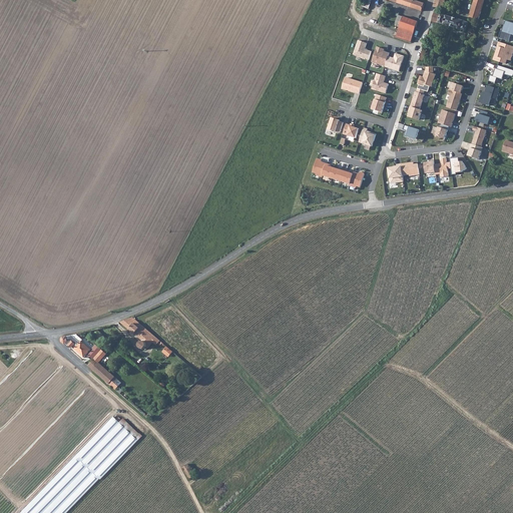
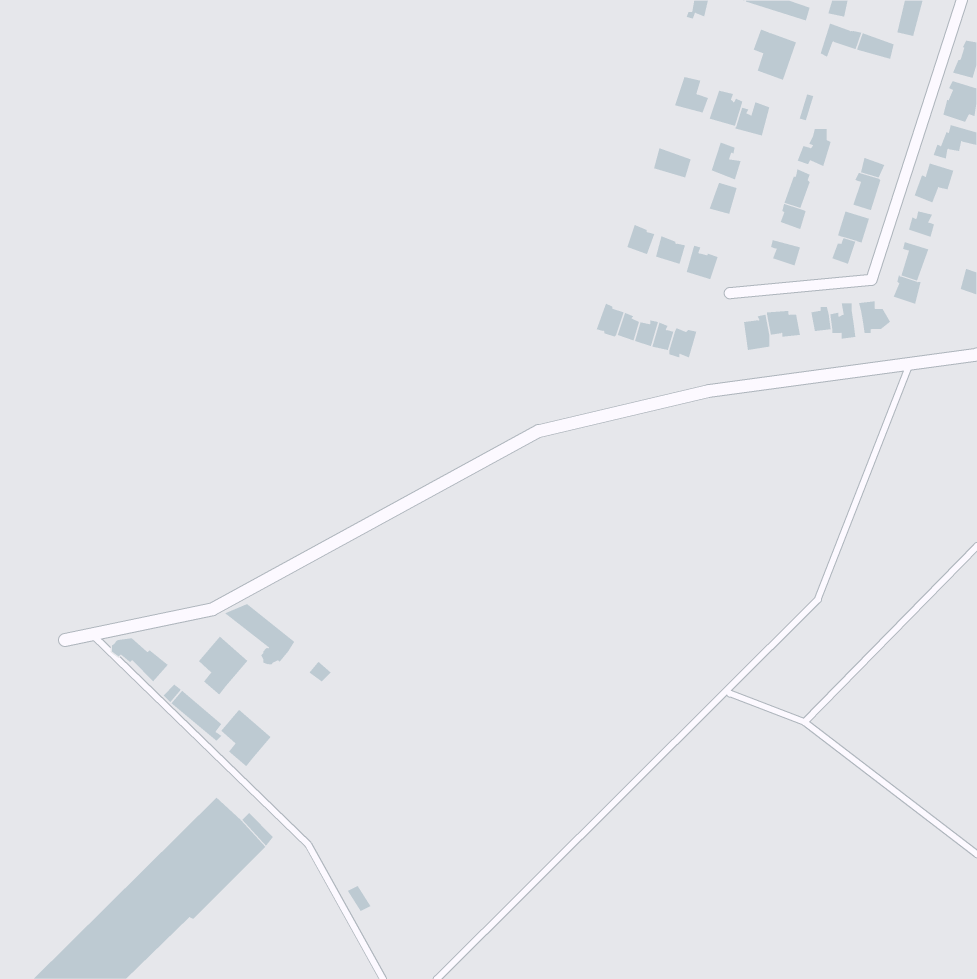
building: none -> [198,636,248,695]
building: none -> [220,709,272,767]

